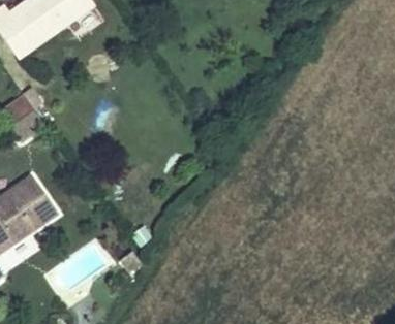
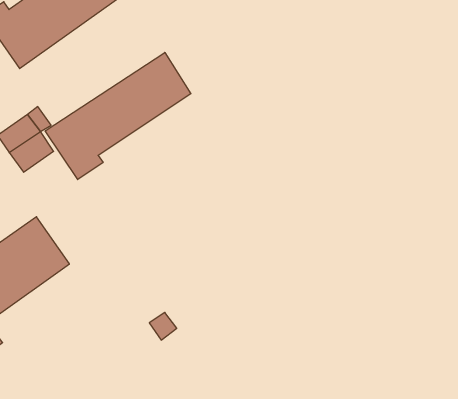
building: none -> [45,52,191,180]

